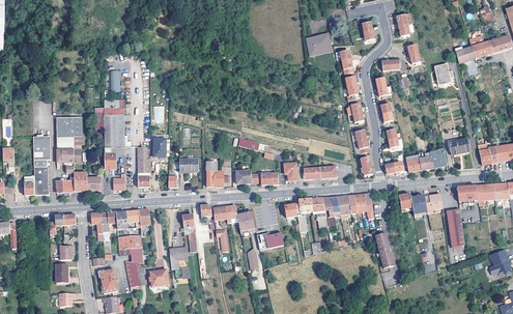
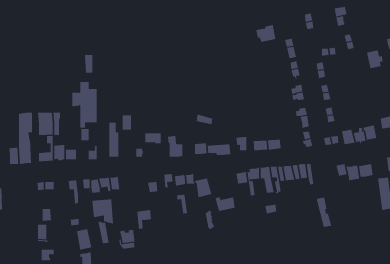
building: [56,116,83,135] -> none

